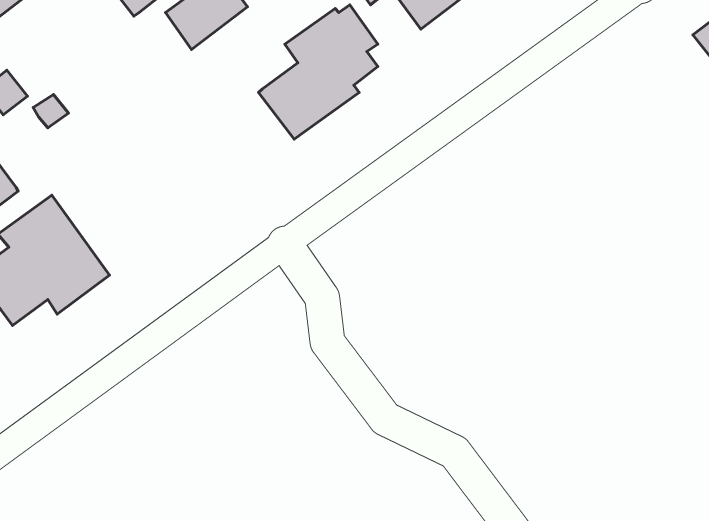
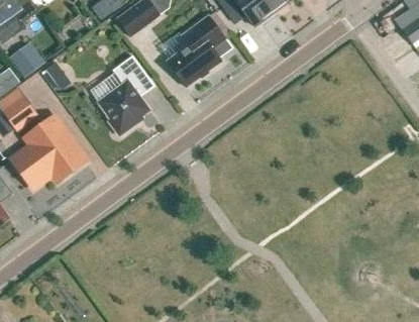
building: none -> [98,55,154,135]

